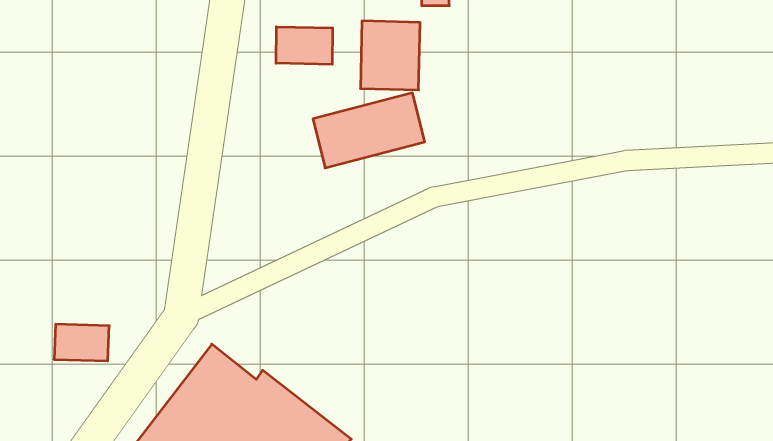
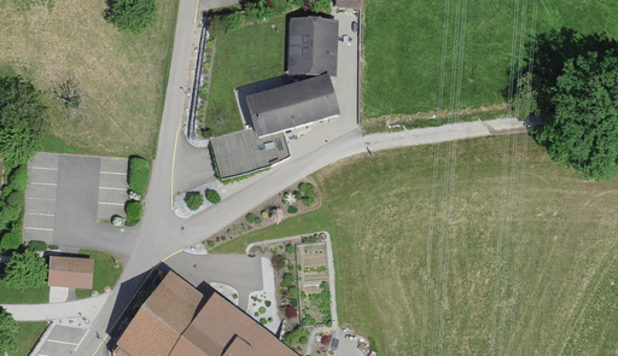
building: [276,27,333,64] -> none

